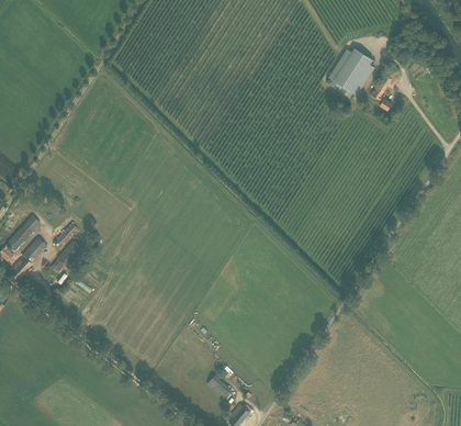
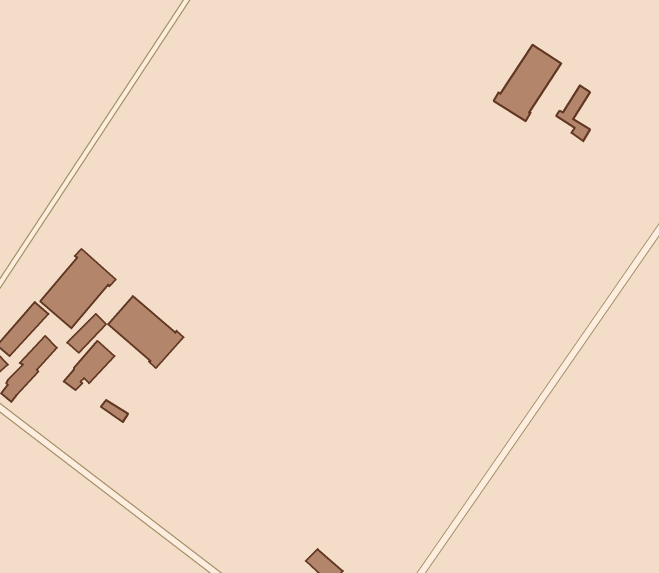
building: none -> [40,249,116,328]
building: none -> [108,296,184,368]

